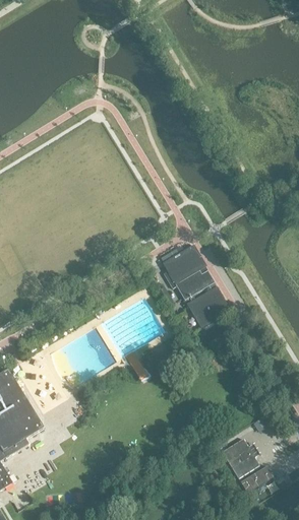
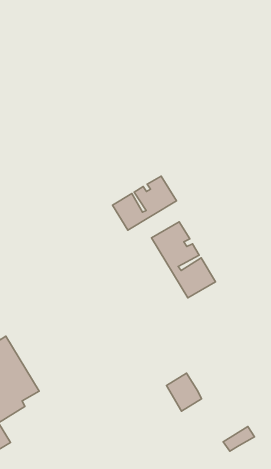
building: none -> [113,176,176,230]
building: [222,439,259,479] -> [166,373,202,411]

